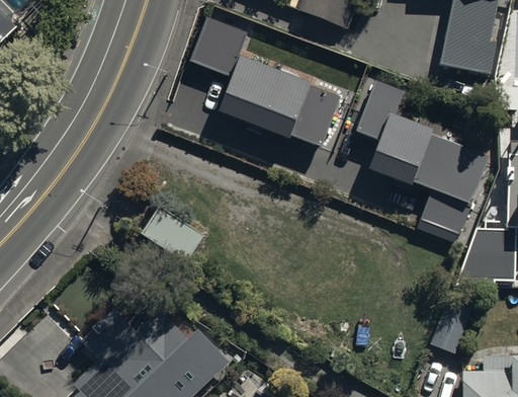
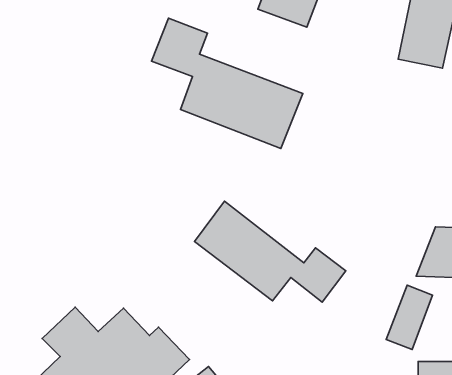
building: [354,75,489,241] -> none
building: [143,205,205,261] -> none
building: none -> [194,201,346,302]

